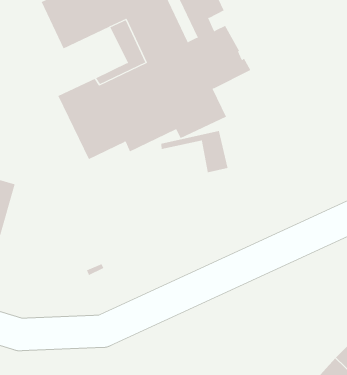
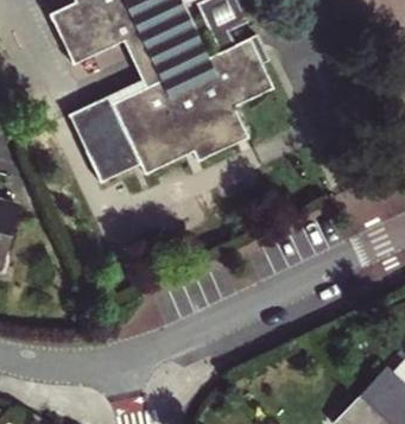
building: [161,130,228,173] -> none

